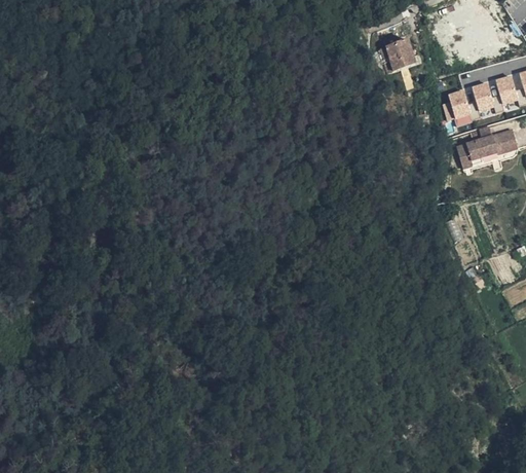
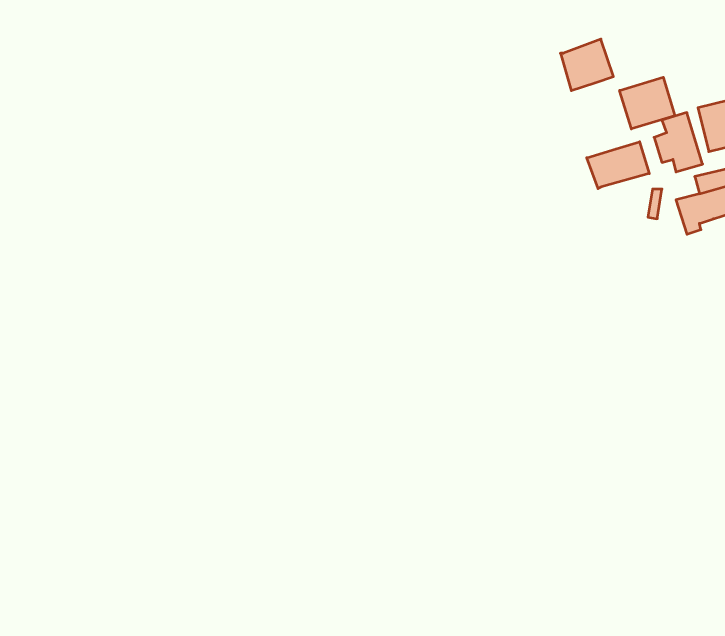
building: none -> [620,77,675,129]
building: none -> [587,142,649,189]

